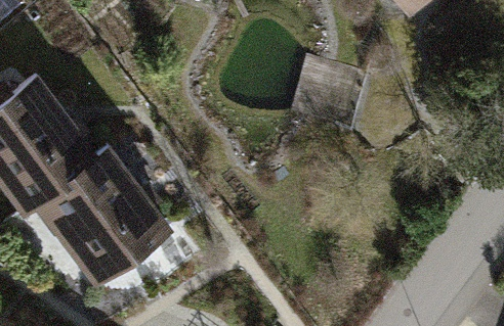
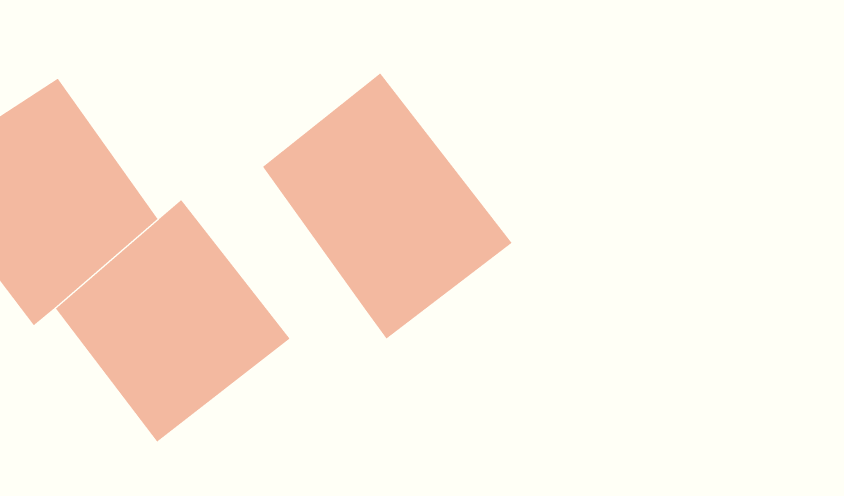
building: none -> [262,73,513,340]

